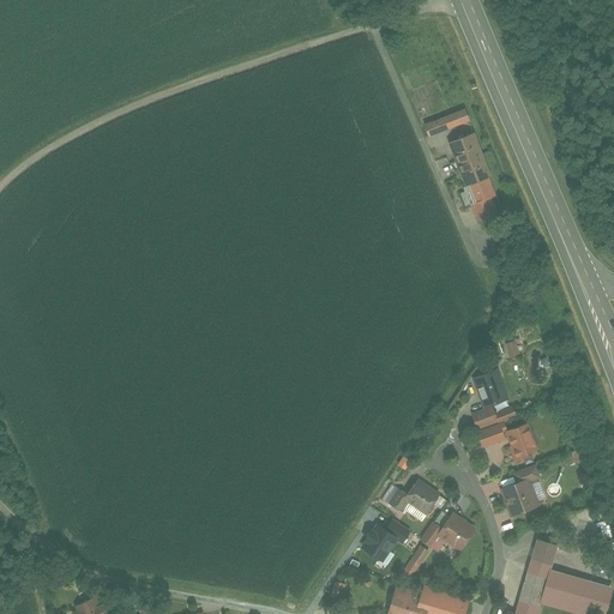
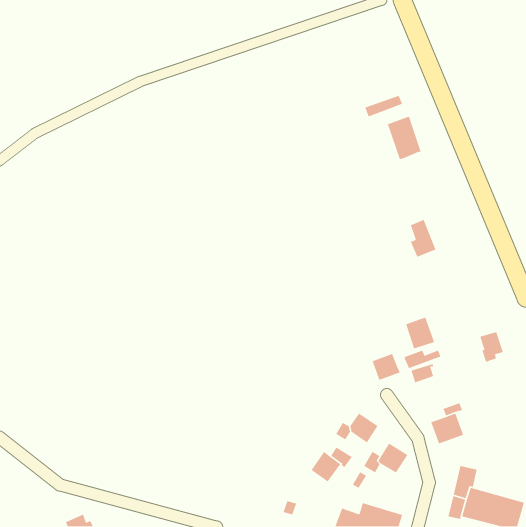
building: [470,177,501,223] -> [410,219,437,258]
building: none -> [371,353,401,381]
building: [506,423,535,460] -> [479,331,504,363]

